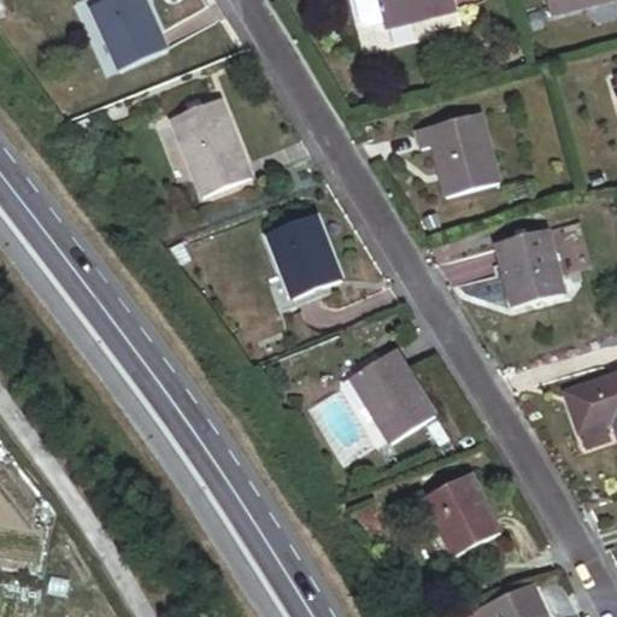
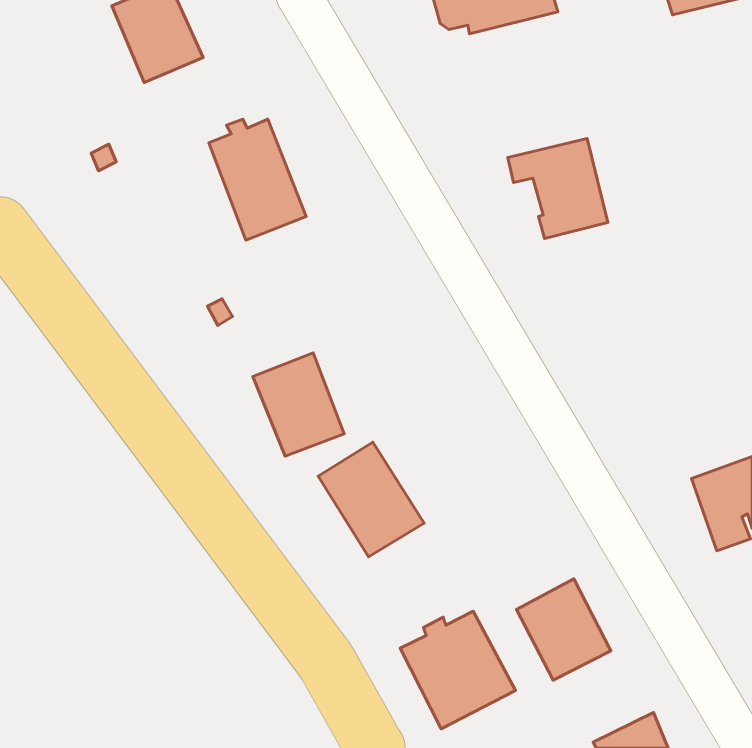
building: [266,215,341,299] -> [253,353,344,456]
building: [496,228,564,306] -> none
building: [349,348,436,442] -> [318,442,424,557]
building: none -> [400,611,515,729]

